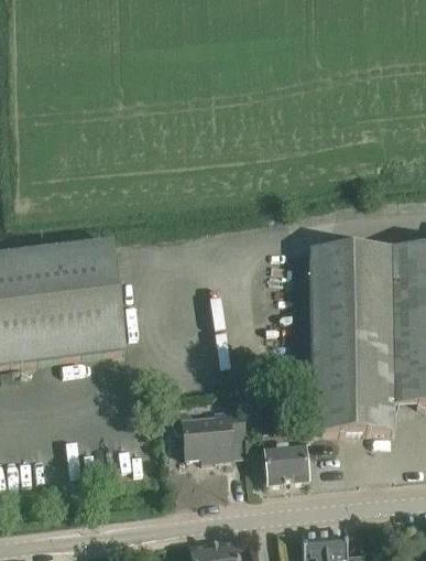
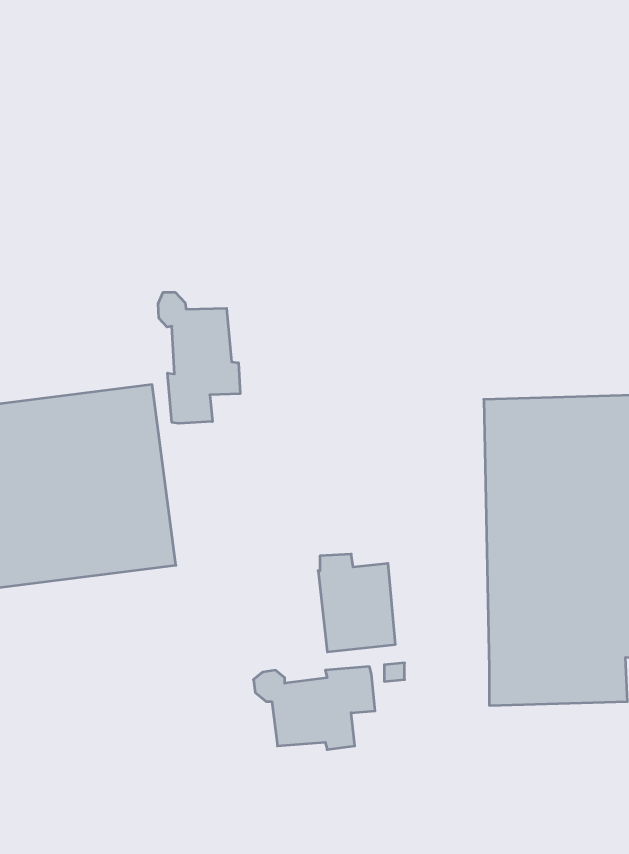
building: none -> [158,292,240,423]
building: [263,424,309,483] -> [318,554,395,652]

